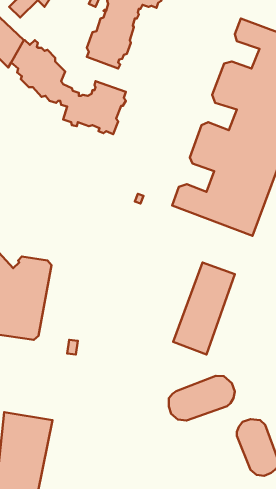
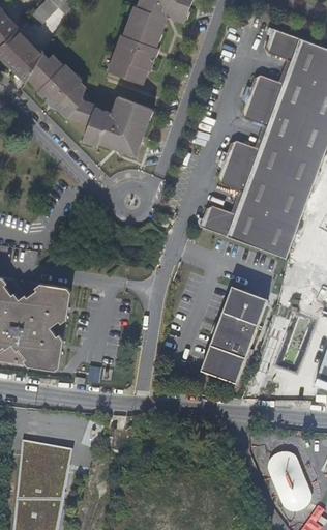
building: [169,376,235,420] -> none

